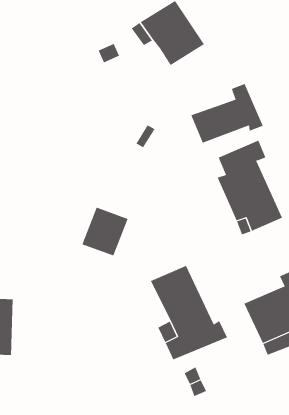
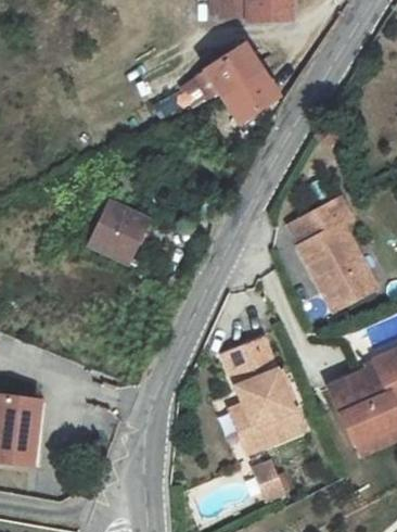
building: [190,83,263,144] -> none
building: [82,207,128,256] -> [100,191,155,250]

